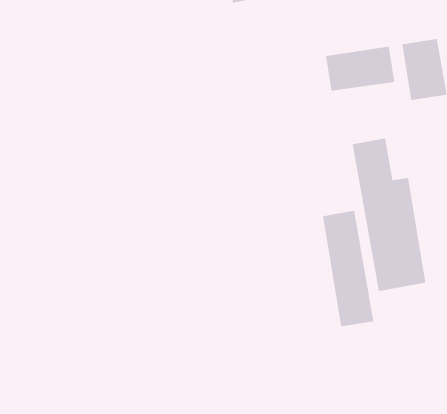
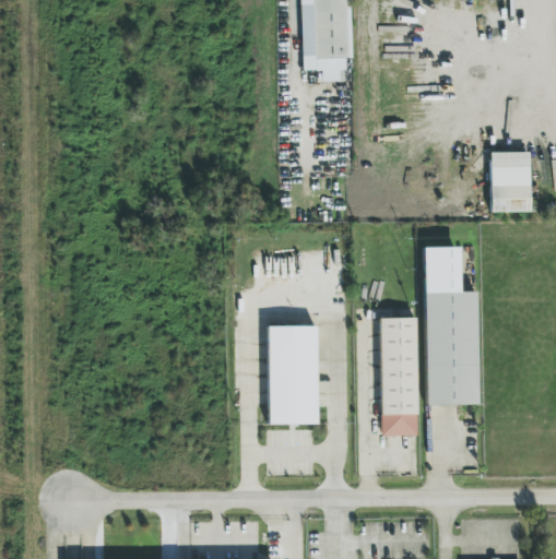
building: [325,46,395,91] -> none
building: none -> [268,326,318,425]

